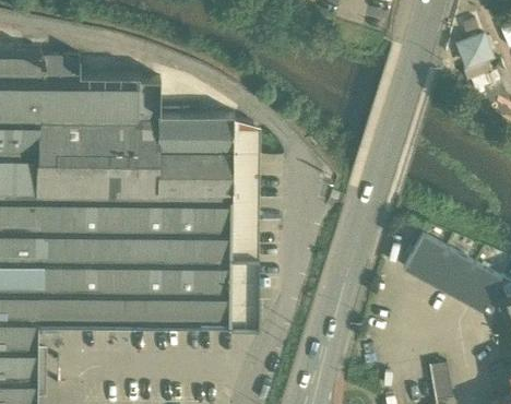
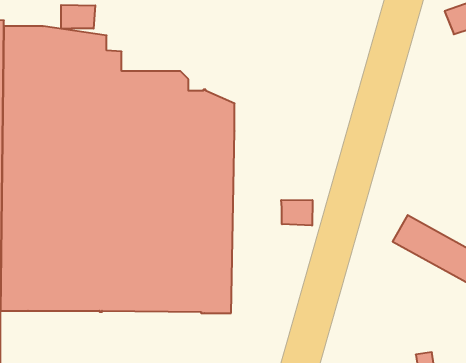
building: none -> [61,5,95,29]
building: none -> [281,200,312,226]

